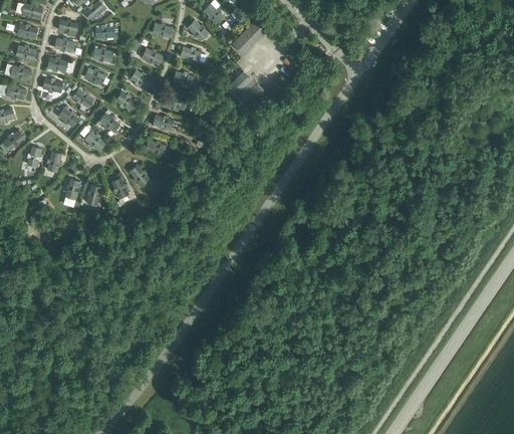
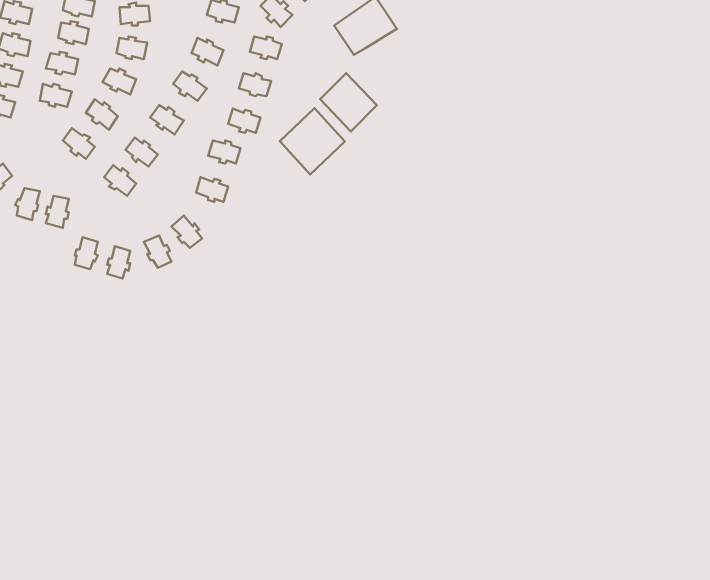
building: none -> [280,108,345,174]

